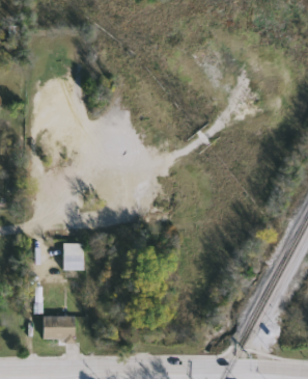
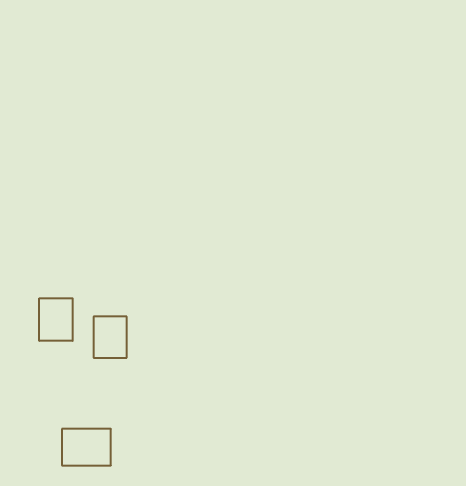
building: none -> [39,298,73,341]

